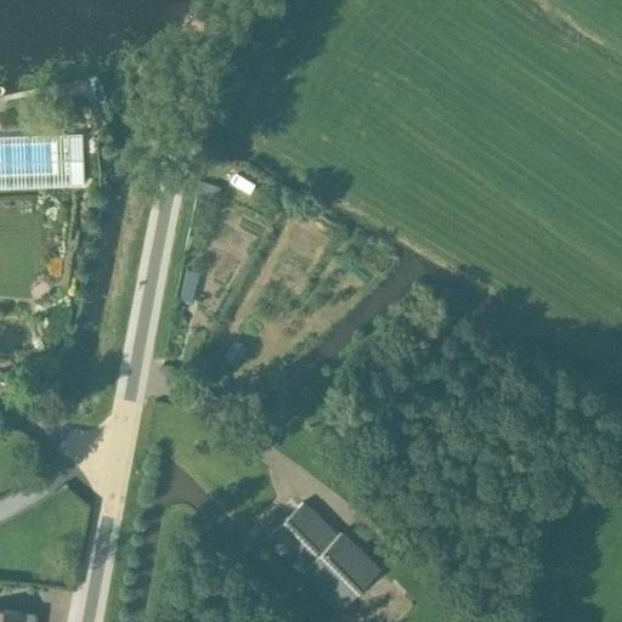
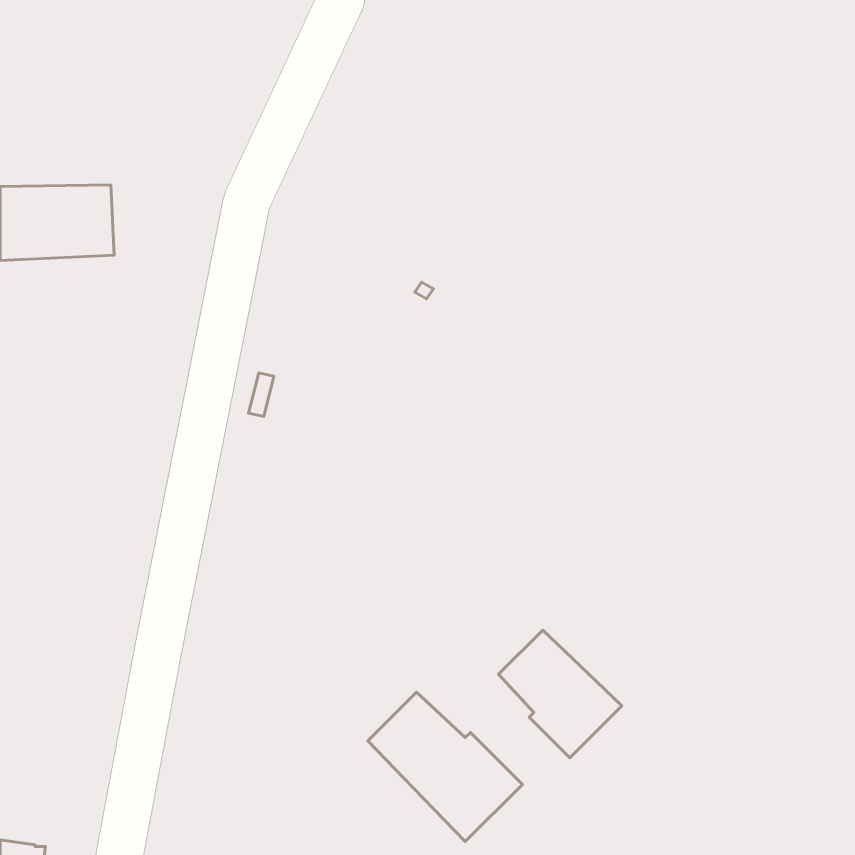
building: none -> [499,630,622,758]

